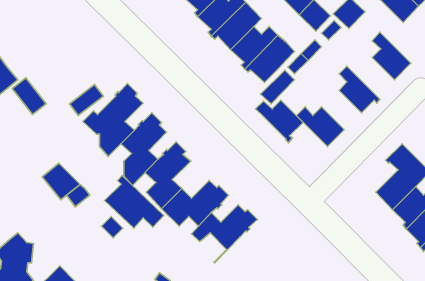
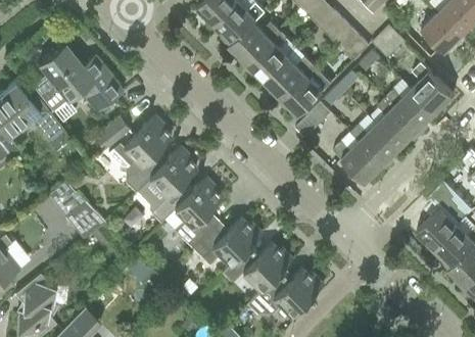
building: none -> [34,43,121,112]
building: none -> [386,89,436,133]
building: [256,100,303,143] -> [351,124,401,168]
building: [105,176,164,228] -> none
building: none -> [247,269,323,317]

